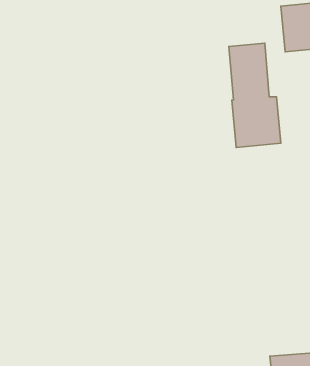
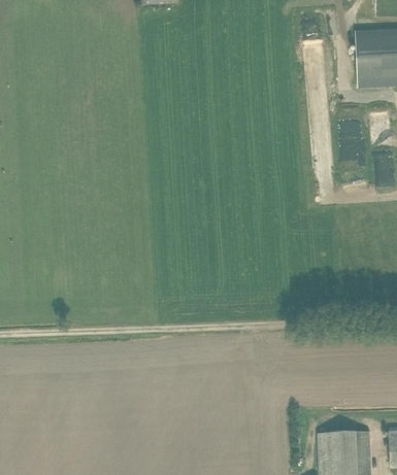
building: [229,43,281,148] -> none

